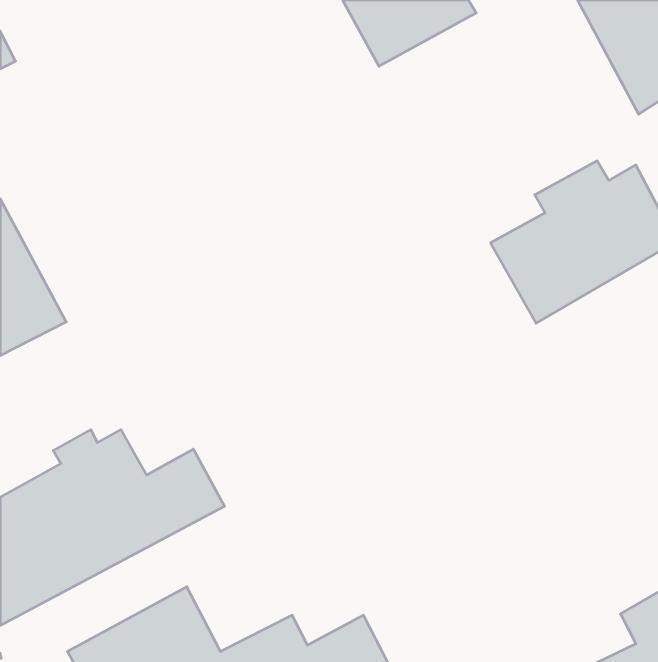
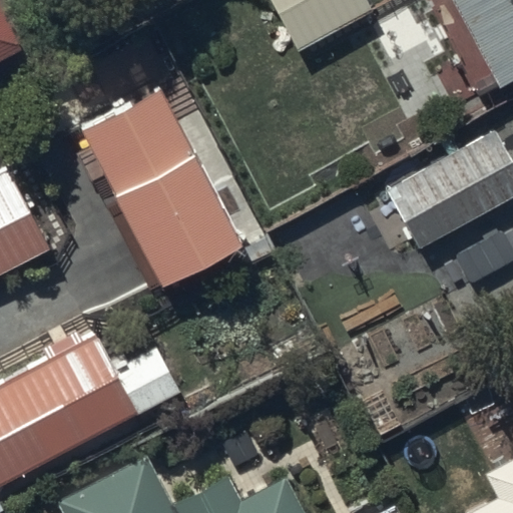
building: none -> [78,89,236,288]

